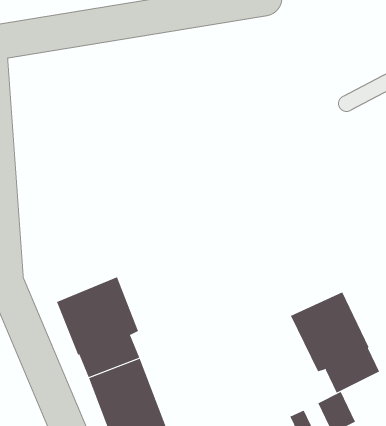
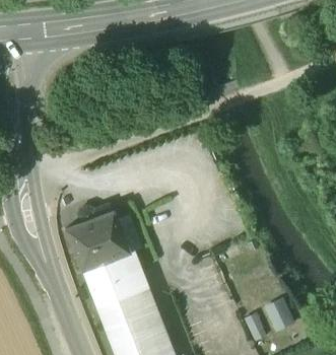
building: [290,291,380,394] -> none

